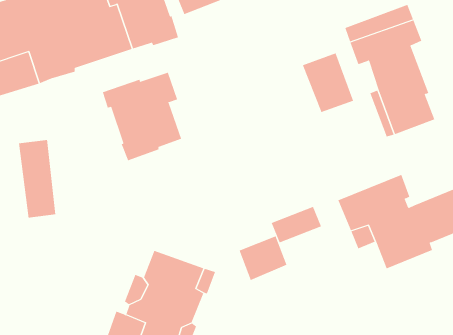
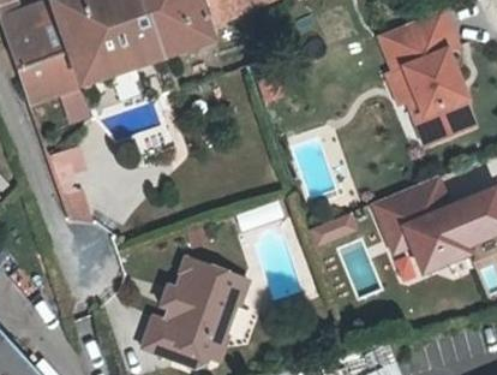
building: [302,52,354,113] -> none
building: [102,72,182,161] -> none
building: [239,236,287,281] -> none

